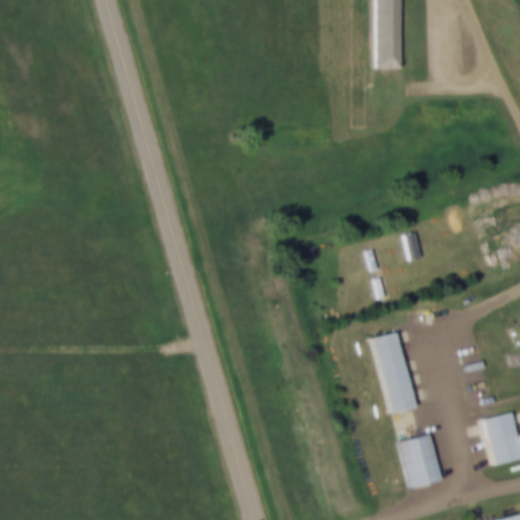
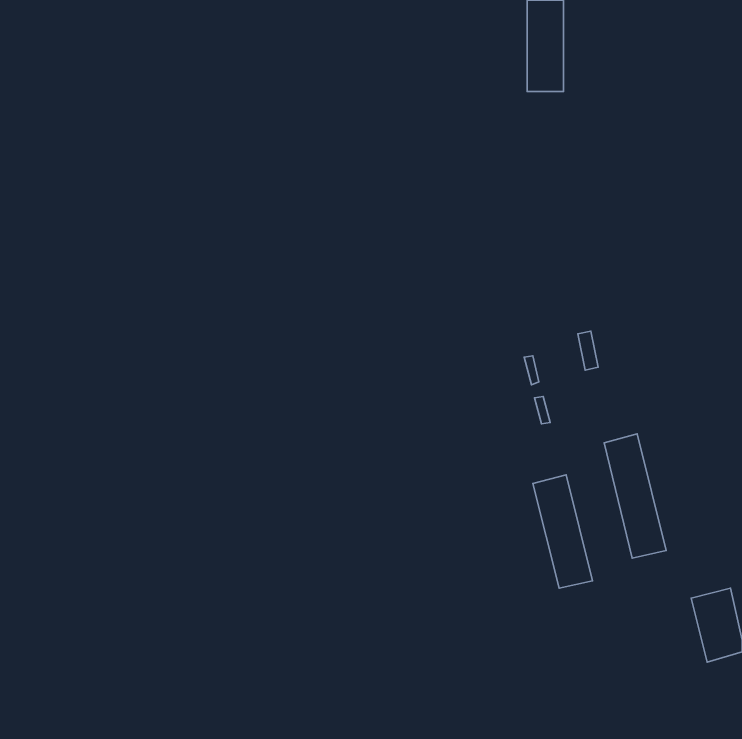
building: none -> [604,434,666,558]
building: [400,435,442,488] -> none

